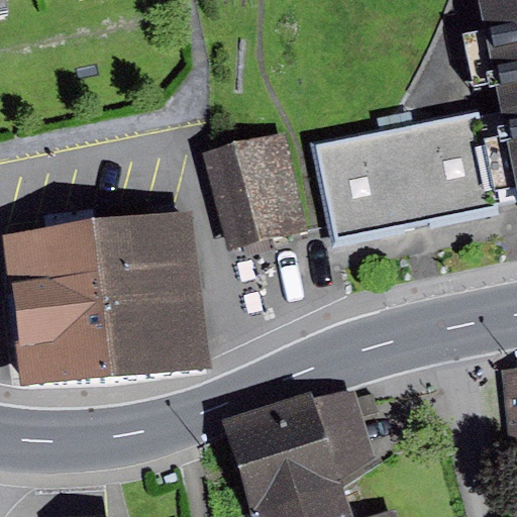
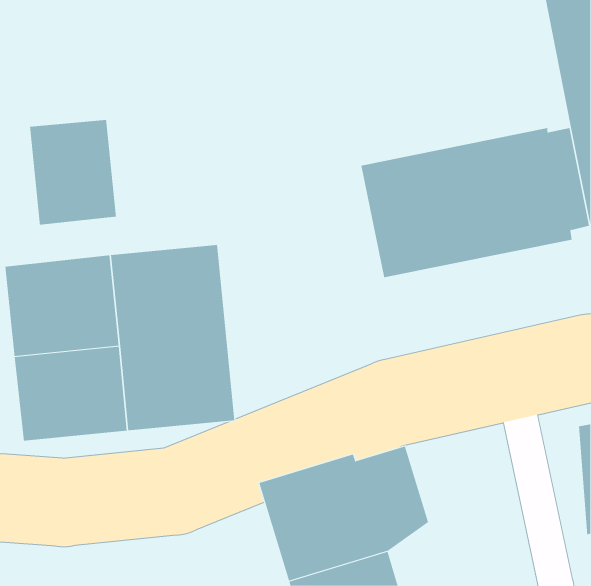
building: none -> [30,119,116,225]
building: [205,131,310,246] -> none

